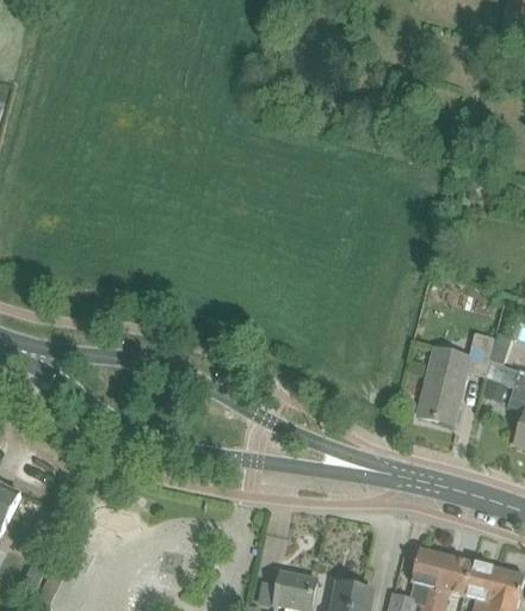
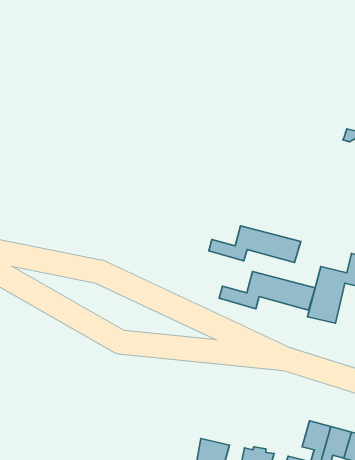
building: none -> [209,226,301,263]
building: none -> [219,272,315,310]

